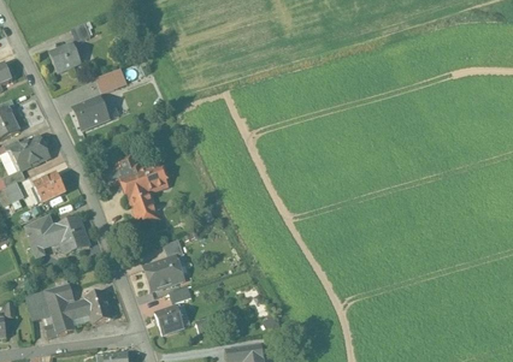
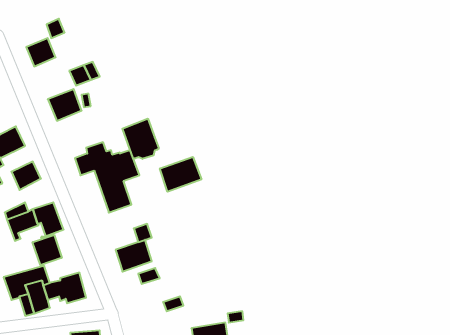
building: none -> [122,119,159,159]
building: none -> [160,157,201,192]
building: none -> [33,235,62,265]
building: [154,304,184,333] -> none

